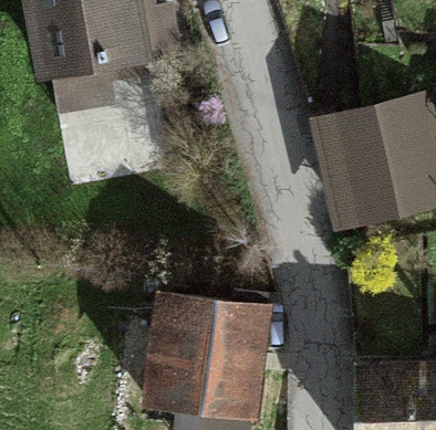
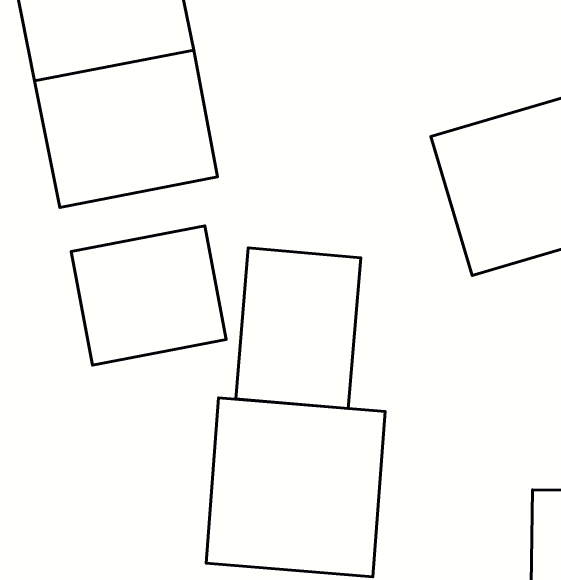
building: none -> [71,226,226,365]
building: none -> [236,248,361,409]

